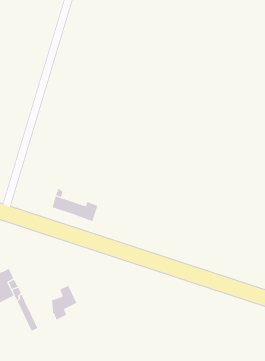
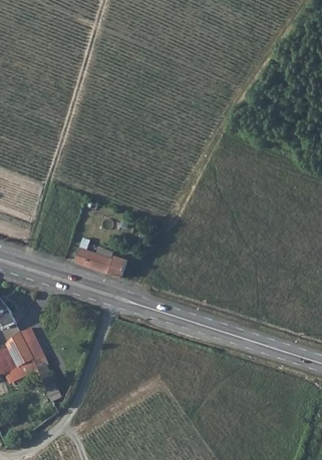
building: [52,285,77,320] -> none

